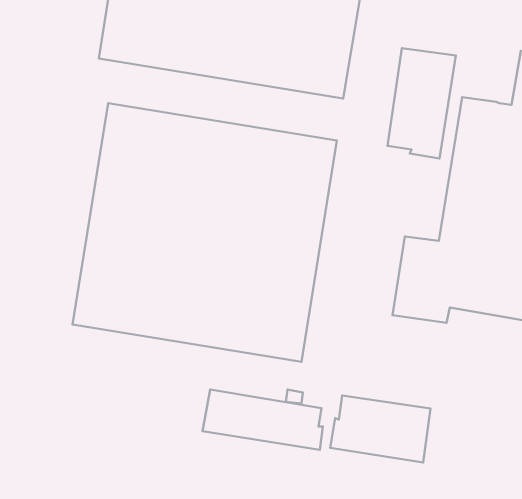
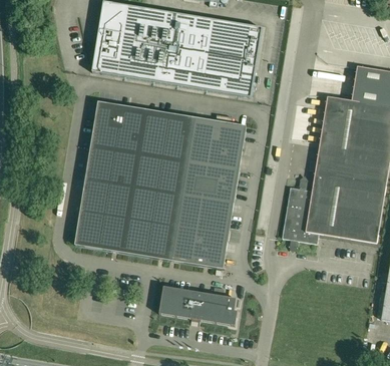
building: [388,48,456,159] -> none
building: [330,396,431,462] -> none

